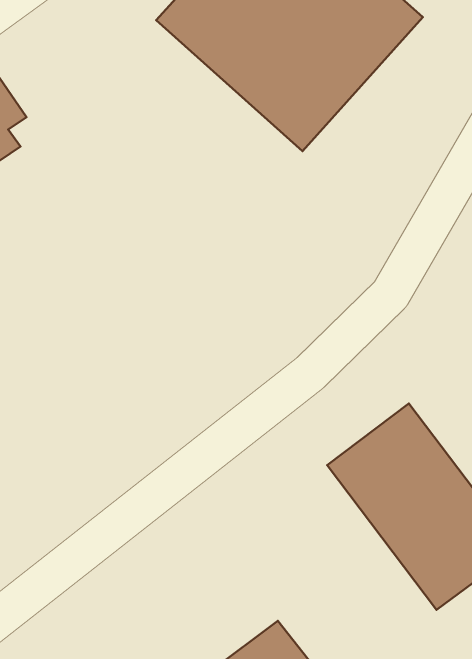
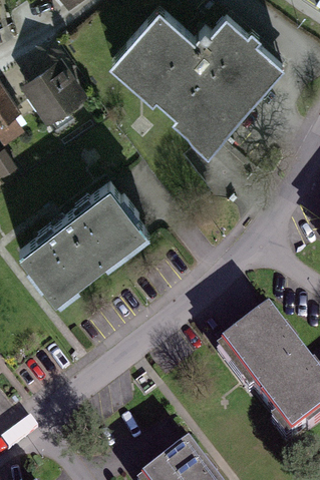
building: none -> [19,64,86,130]
building: none -> [20,176,152,297]

